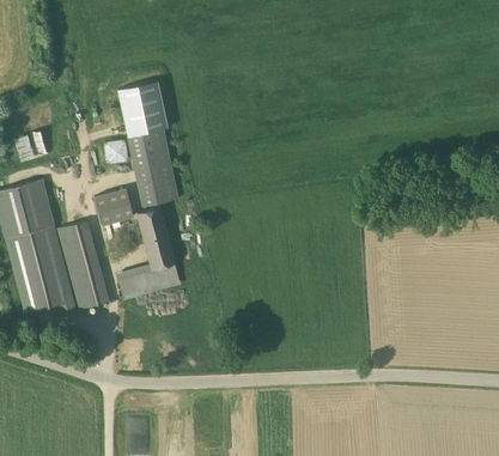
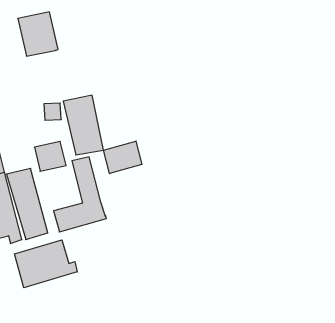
building: [117,81,168,136] -> [18,12,58,56]
building: none -> [104,141,142,174]
building: none -> [14,240,77,288]

